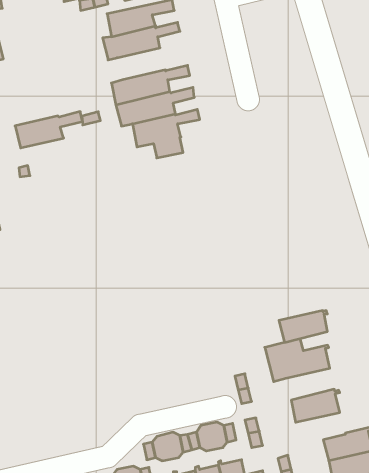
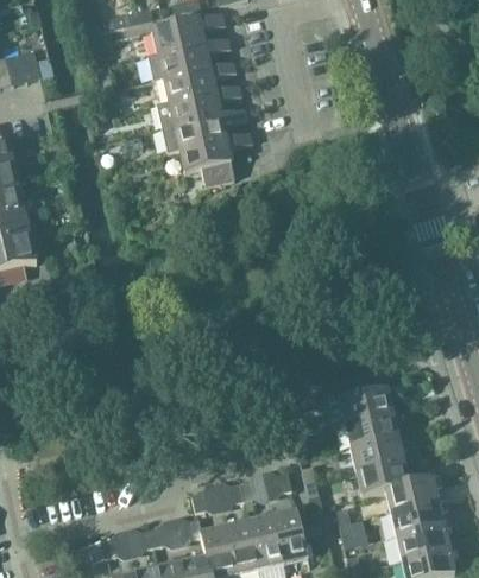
building: [15,112,82,148] -> [163,61,235,100]
building: [279,311,327,342] -> [345,411,397,445]
building: none -> [355,458,409,494]

